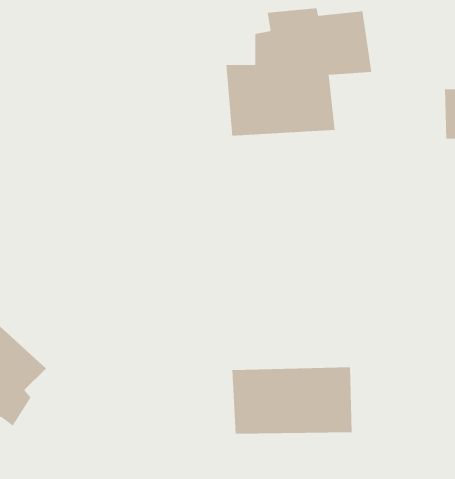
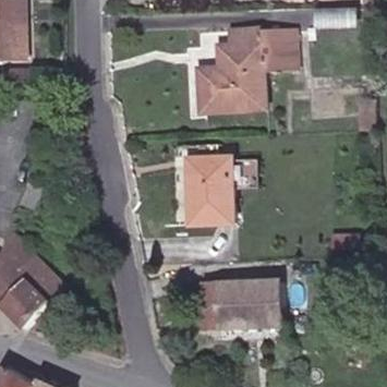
building: none -> [188,156,239,227]

